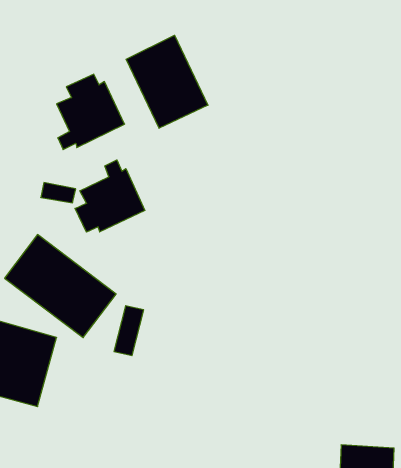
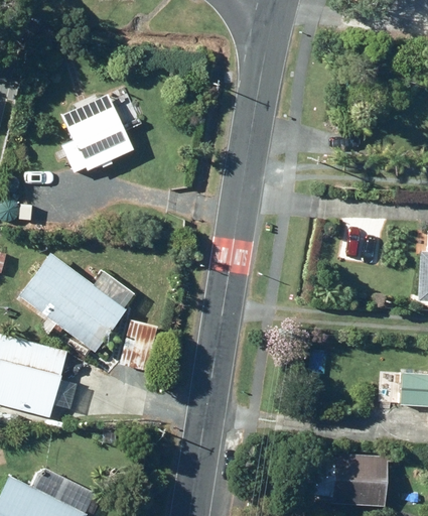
building: [126,35,208,128] -> none
building: [75,160,145,232] -> none

